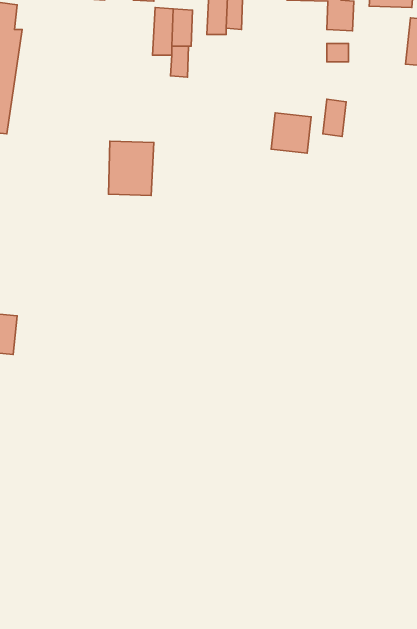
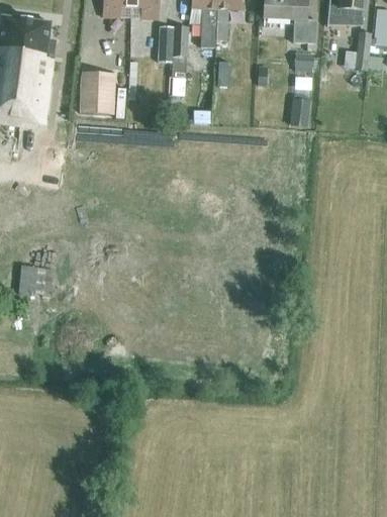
building: [271,113,311,153] -> none
building: [109,141,154,195] -> [80,71,115,113]

